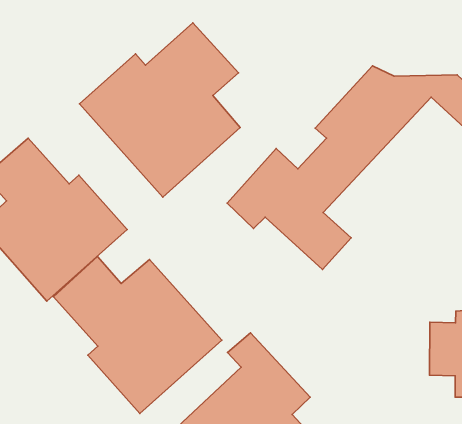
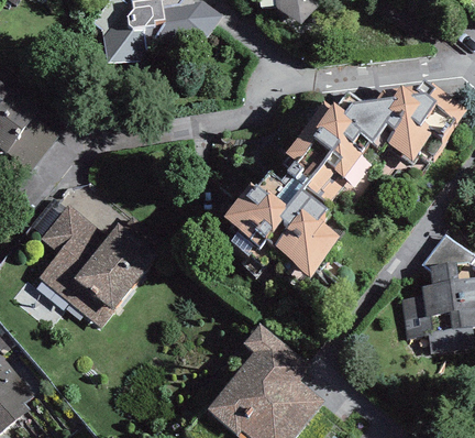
building: [80,23,240,197] -> none
building: [54,257,222,413] -> none

